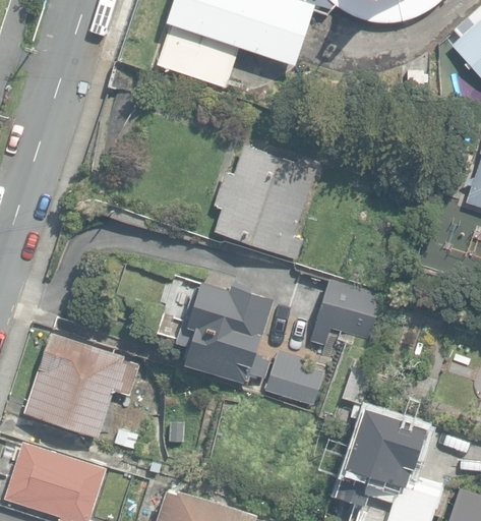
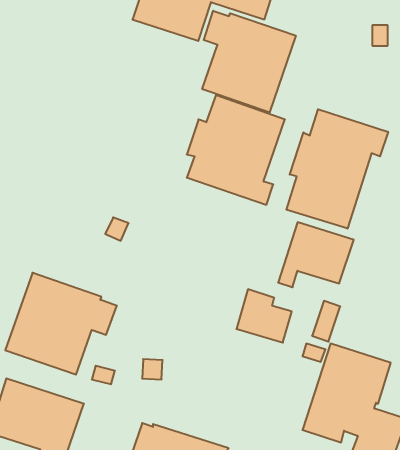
building: none -> [202,11,296,113]
building: none -> [286,109,388,229]
building: [176,281,275,384] -> none

